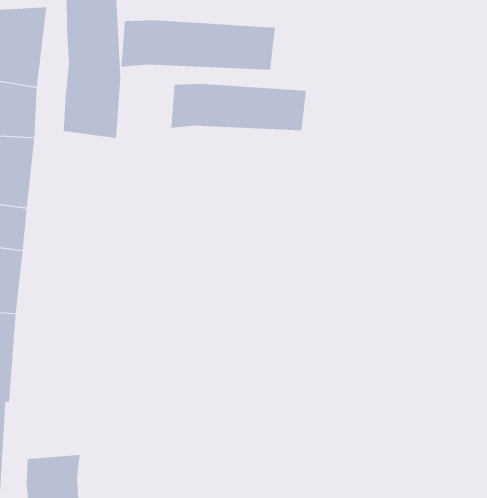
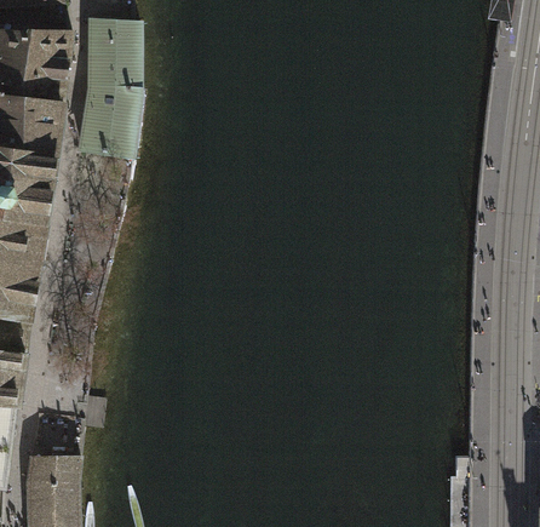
building: [121,19,275,71] -> none
building: [171,83,306,131] -> none

